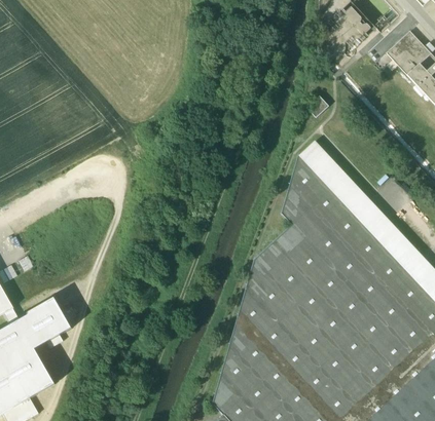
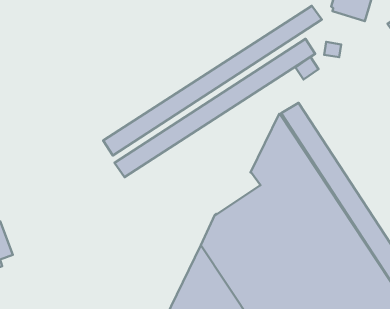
building: none -> [103,6,322,155]
building: none -> [114,39,315,177]

